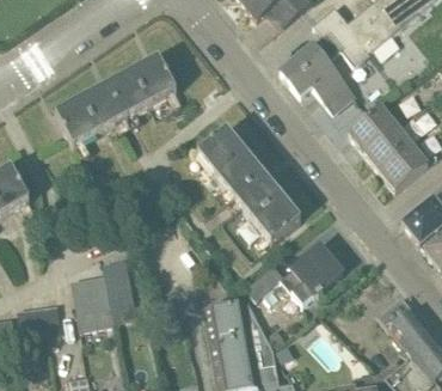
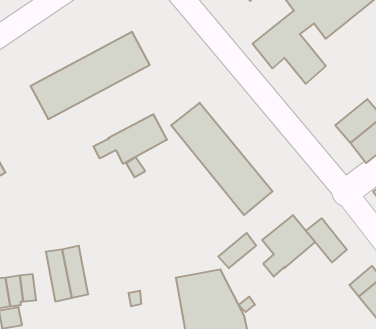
building: [349,106,397,153] -> none
building: none -> [93,114,167,164]
building: none -> [306,218,347,262]
building: [103,258,137,324] -> none

